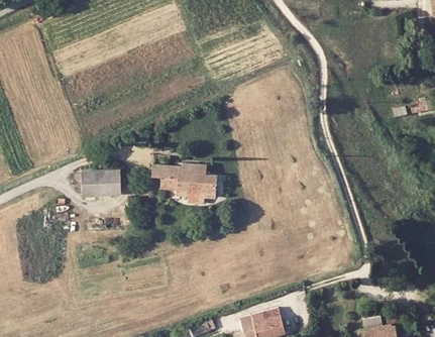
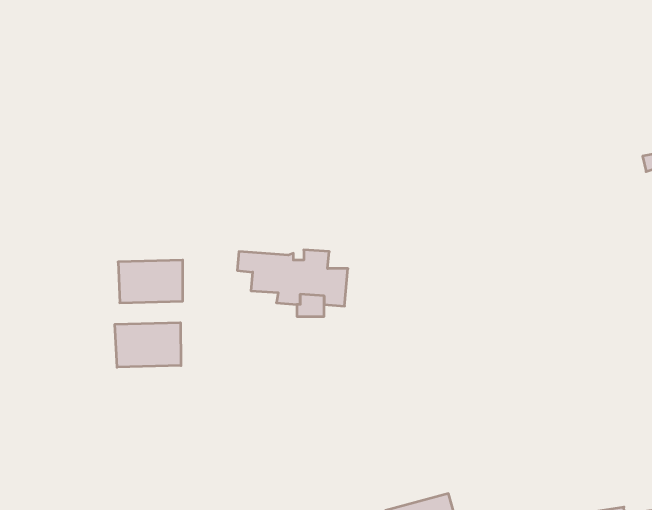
building: none -> [115,323,181,367]

